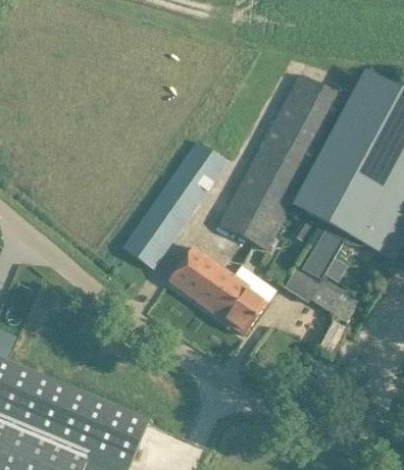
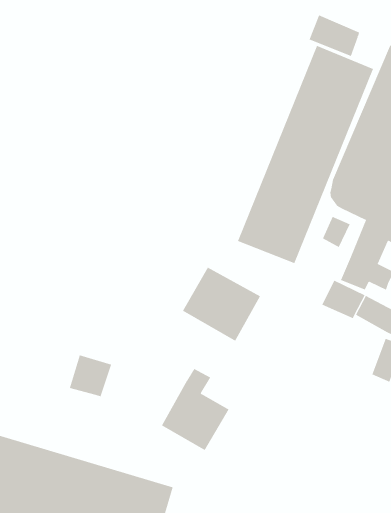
building: none -> [309,15,360,57]
building: [122,139,229,266] -> none
building: [210,264,267,332] -> [161,368,230,451]
building: none -> [69,355,112,397]

